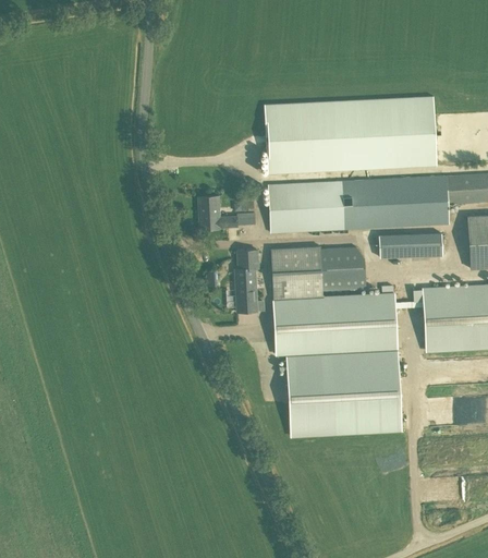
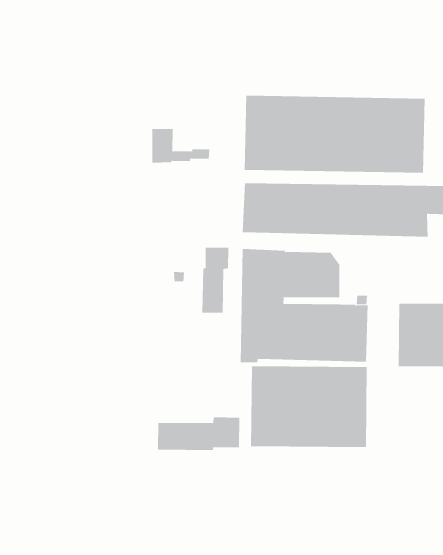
building: [198,196,255,230] -> [151,129,210,163]
building: [379,233,443,257] -> none
building: none -> [157,417,240,451]

